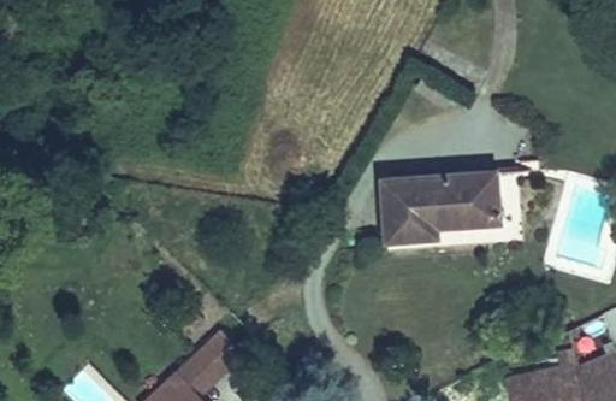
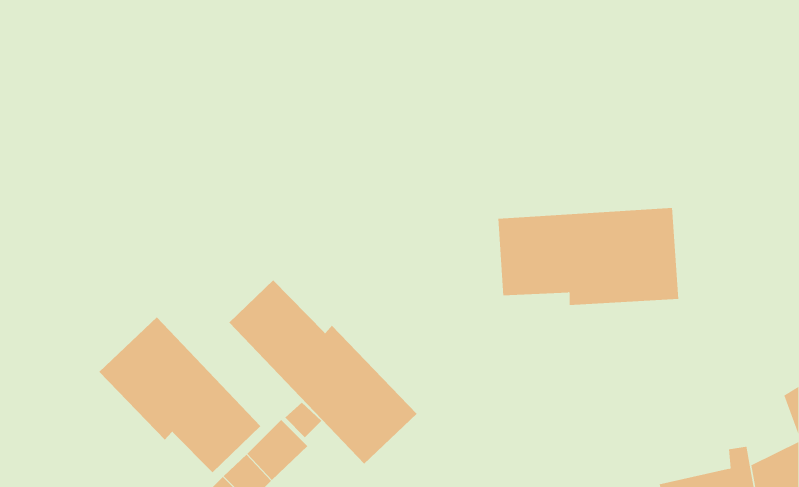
building: none -> [229,279,418,464]
building: none -> [98,317,261,473]

